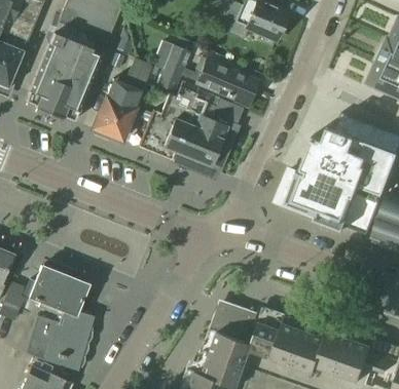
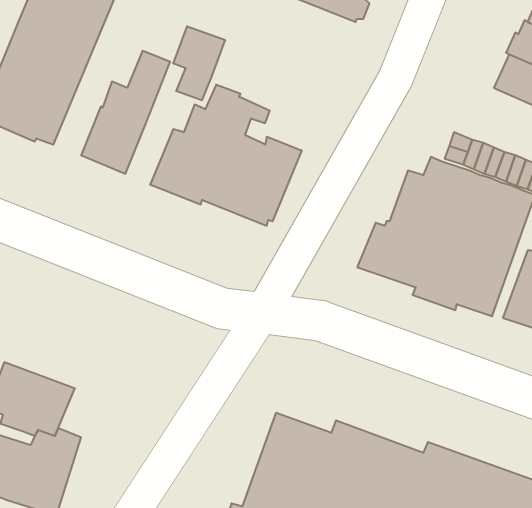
building: [179,57,257,108] -> none

